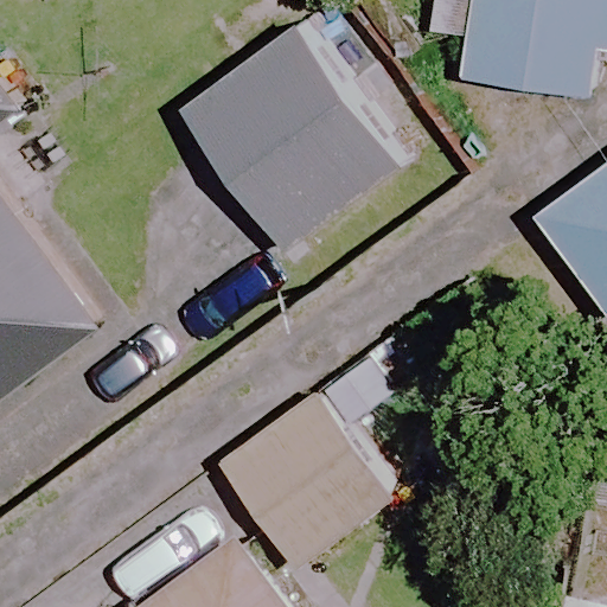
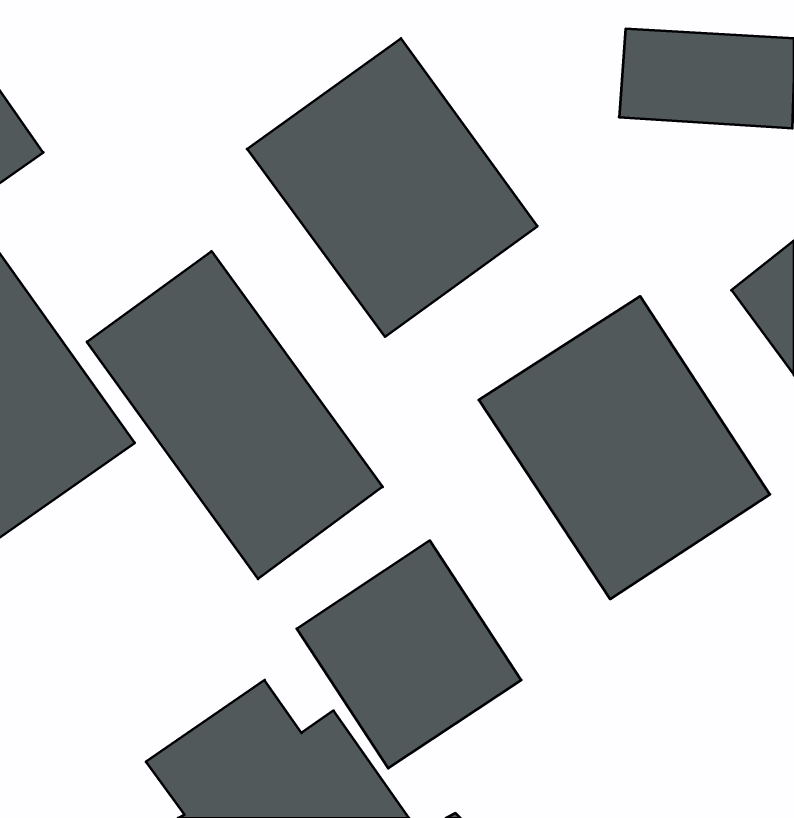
building: none -> [87,251,383,579]
building: none -> [479,296,770,599]

